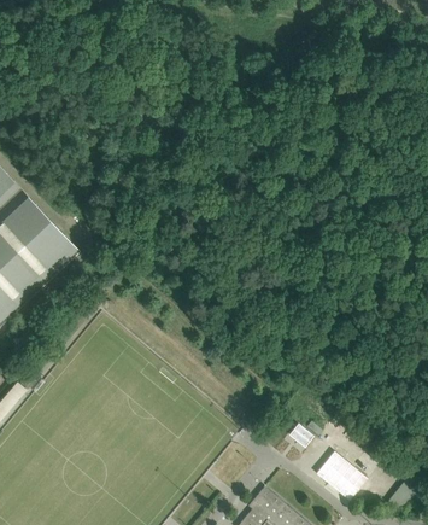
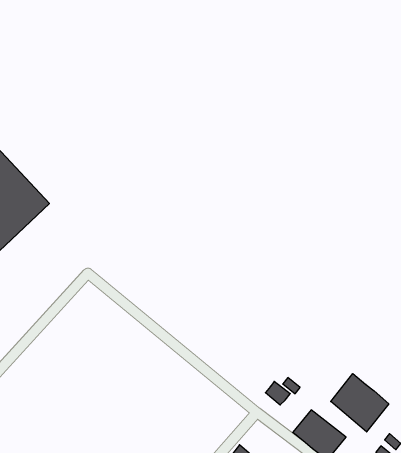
building: none -> [331,374,389,432]

